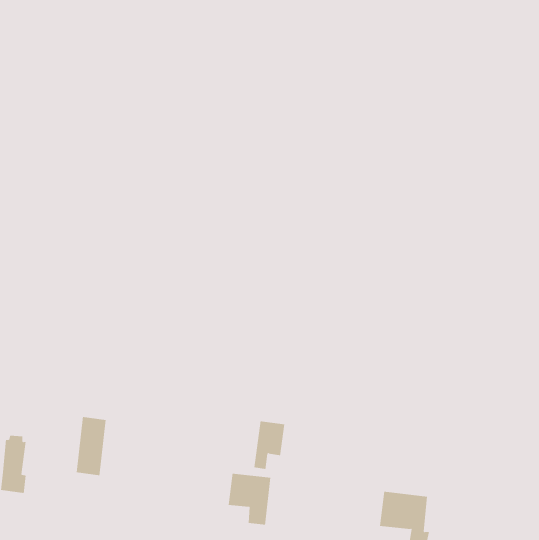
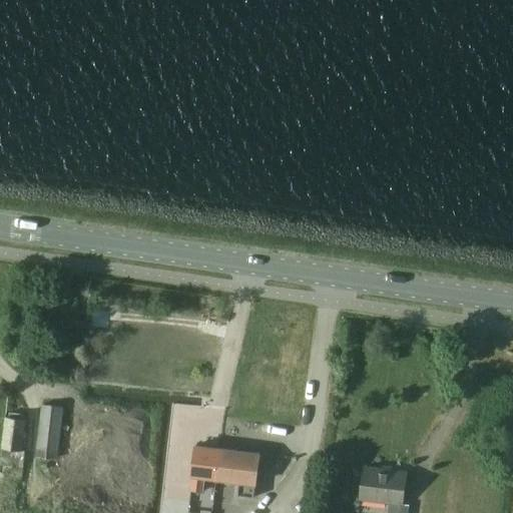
building: [76,417,106,476] -> [34,404,63,460]
building: [253,421,285,470] -> [189,446,219,492]

